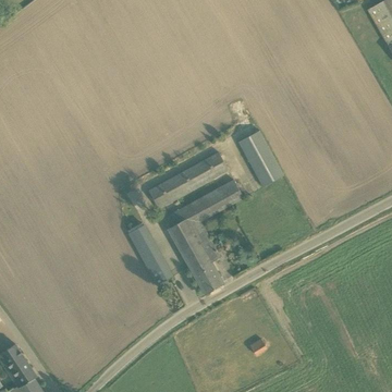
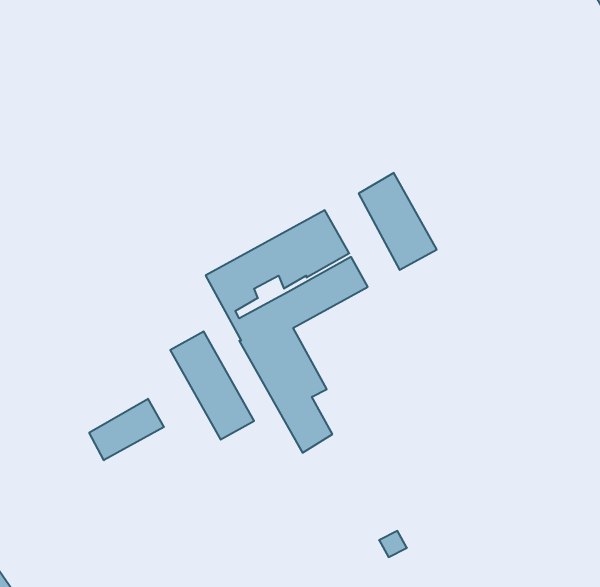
building: none -> [89,399,164,460]

